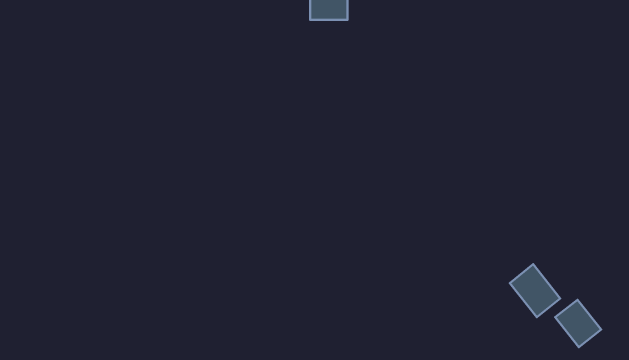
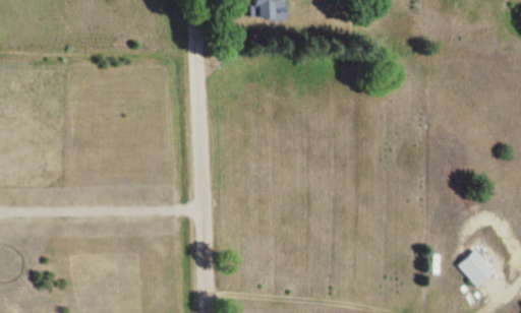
building: [510,264,560,317] -> none

